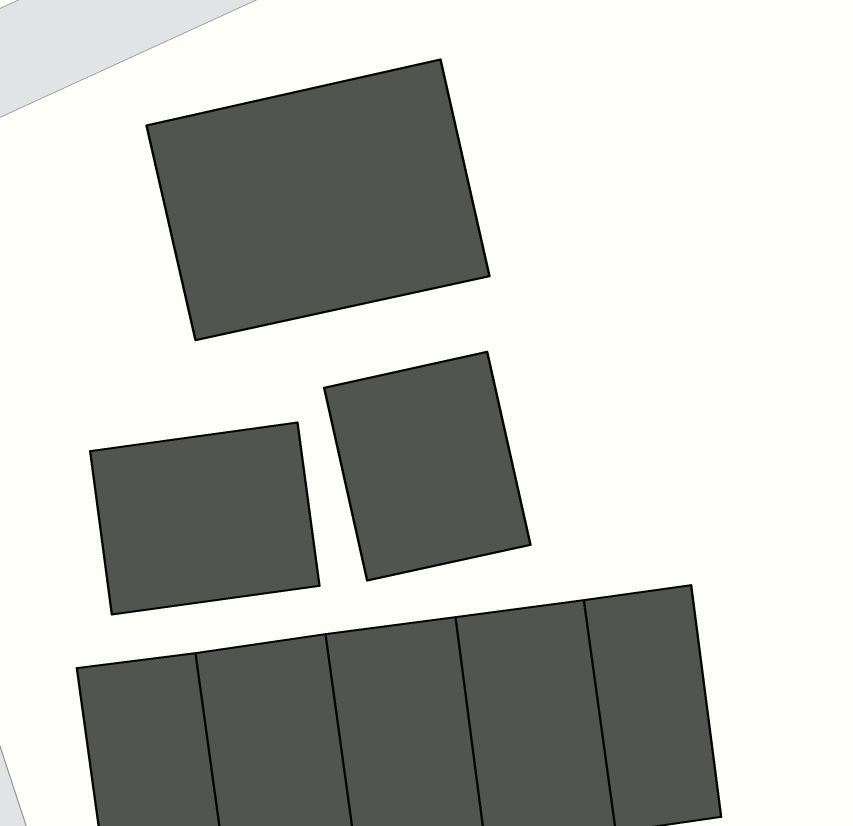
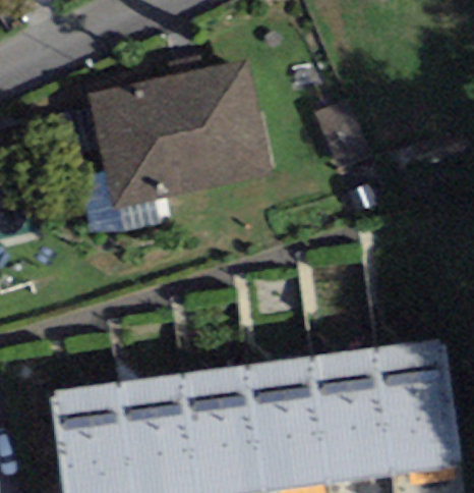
building: [324,352,531,581] -> none
building: [90,423,319,614] -> none
building: none -> [380,338,461,472]

